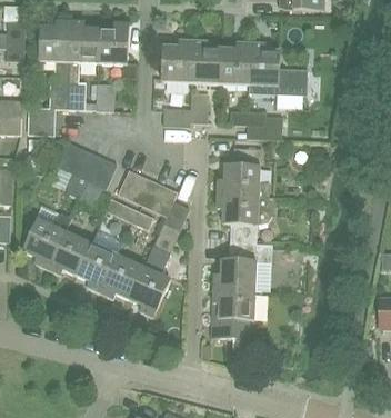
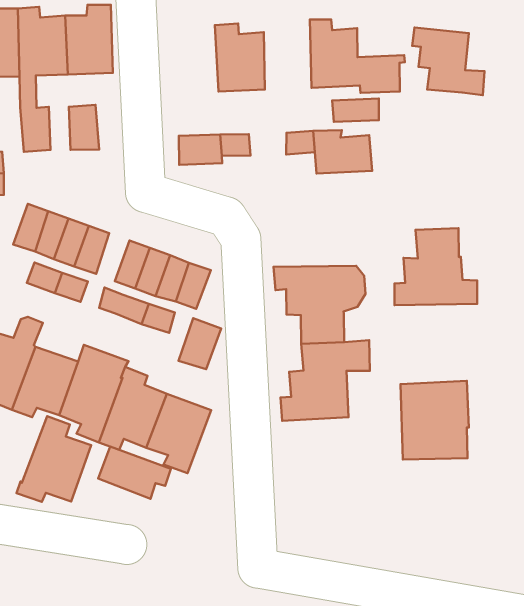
building: [161,39,191,81] -> none
building: [219,41,250,83] -> none
building: none -> [412,27,484,95]
building: [215,147,268,196] -> [395,228,477,305]
building: none -> [16,416,91,502]
building: [211,288,254,337] -> [401,381,469,460]
building: none -> [98,447,171,499]

